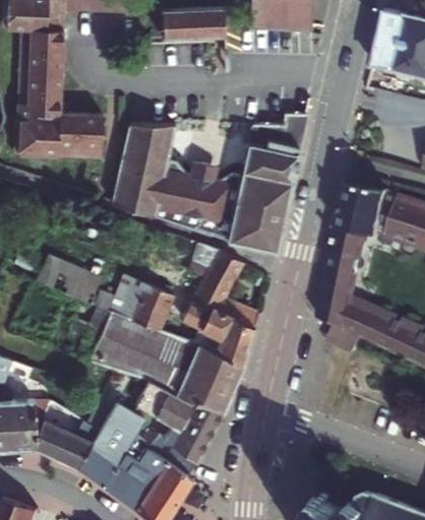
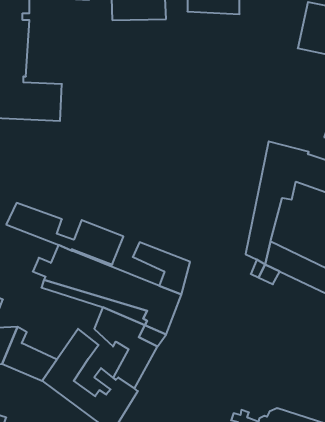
building: [113,113,308,249] -> none
building: [190,244,259,325] -> none
building: [116,440,160,484] -> none

